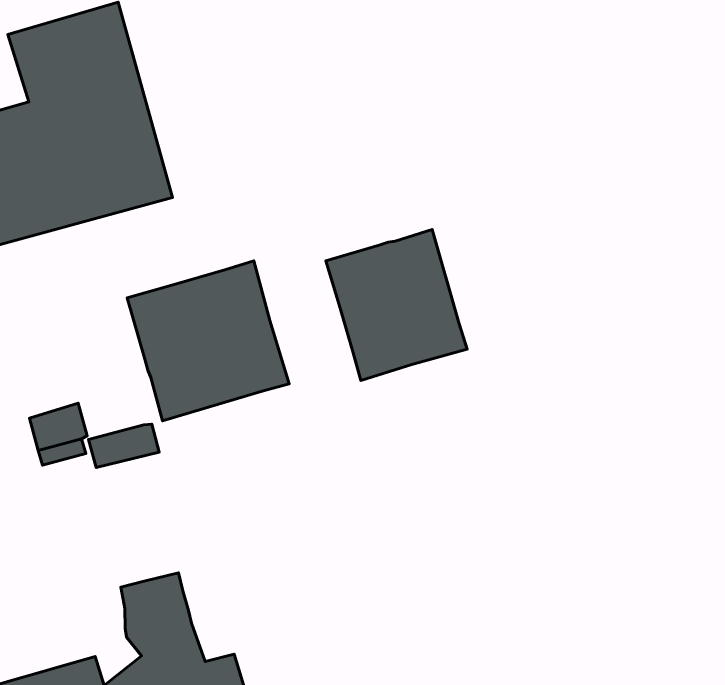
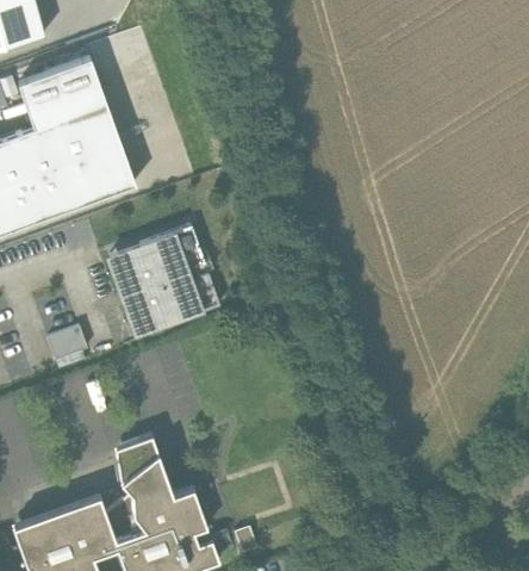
building: [326,229,467,380] -> none
building: [89,424,159,468] -> none

